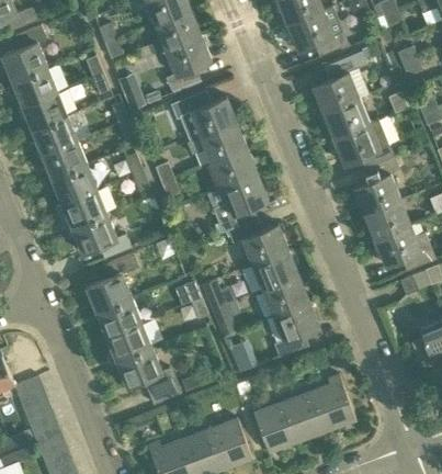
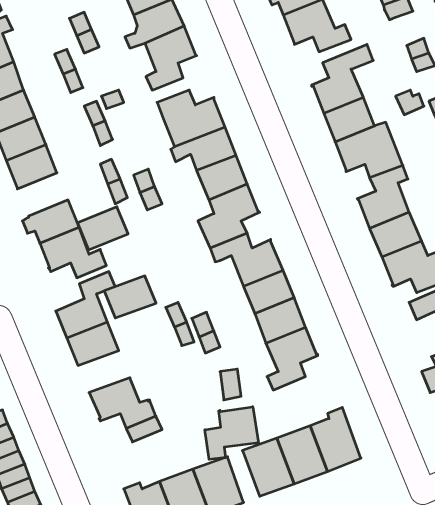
building: [52,166,97,204] -> [77,207,128,250]
building: [105,324,151,361] -> [104,276,156,318]
building: none -> [205,407,258,459]

